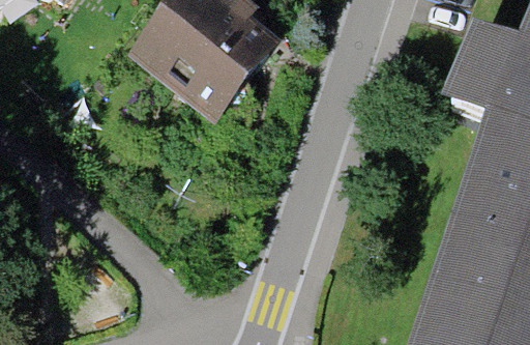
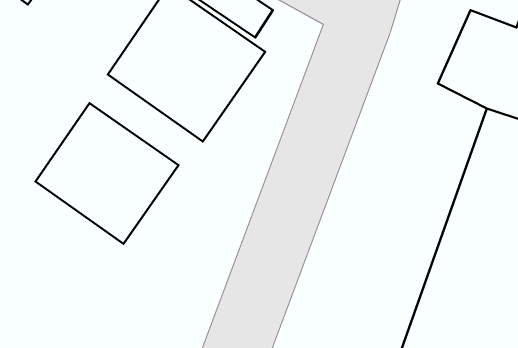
building: none -> [35,103,179,244]

